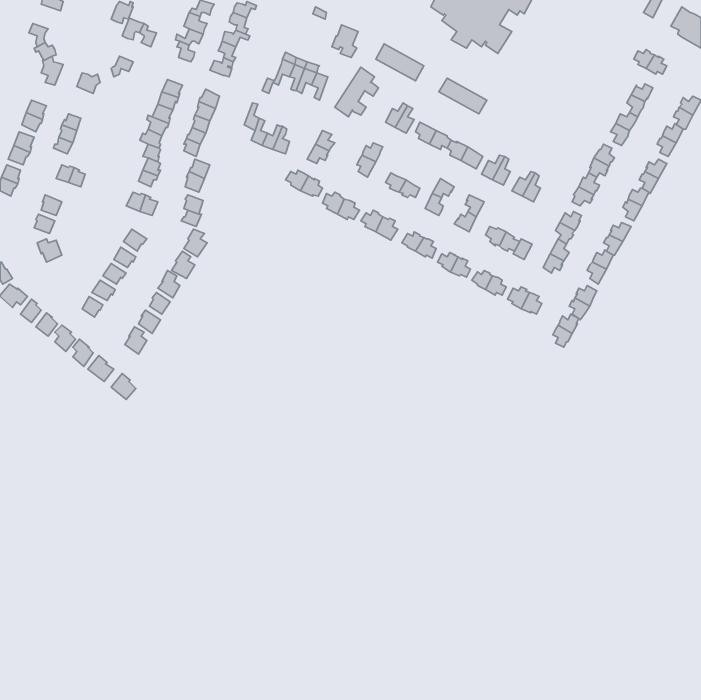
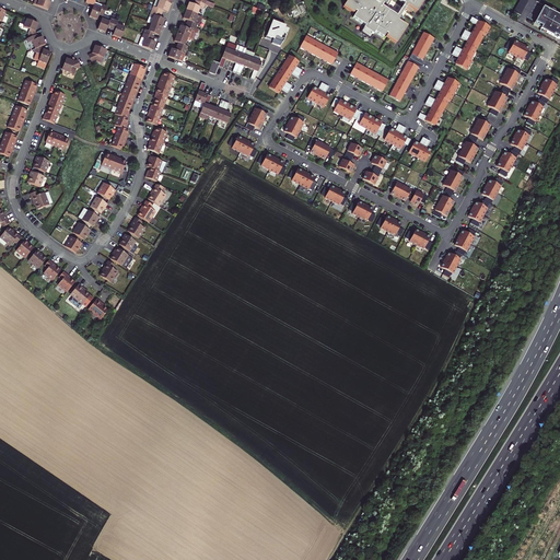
building: none -> [452,16,490,69]
building: none -> [388,32,436,101]
building: none -> [418,77,459,126]

